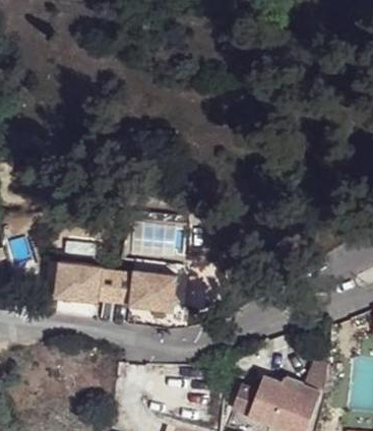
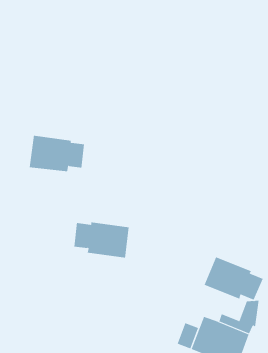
building: [54,261,118,303] -> [29,135,85,172]
building: none -> [204,256,263,301]

